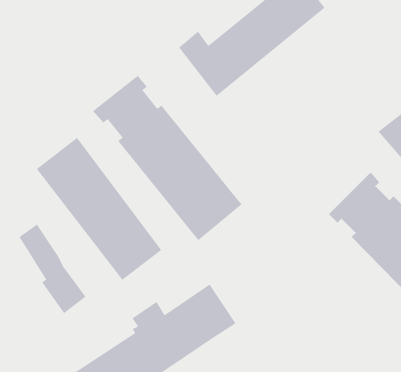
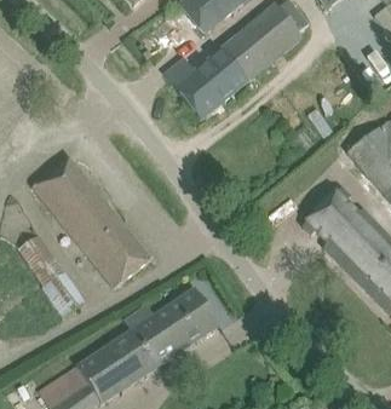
building: [92,75,243,241] -> none

